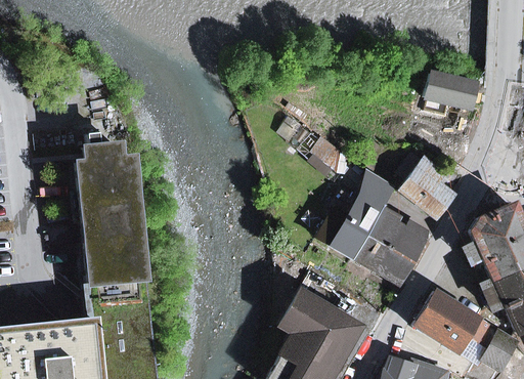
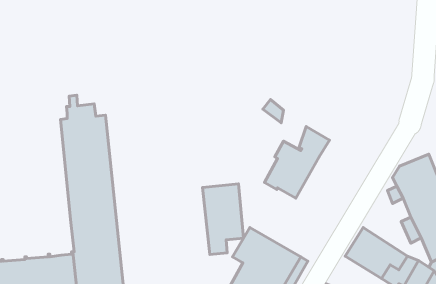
building: [425,73,478,107] -> none
building: [393,154,451,216] -> none
building: [355,207,429,281] -> none
building: none -> [203,184,244,254]

